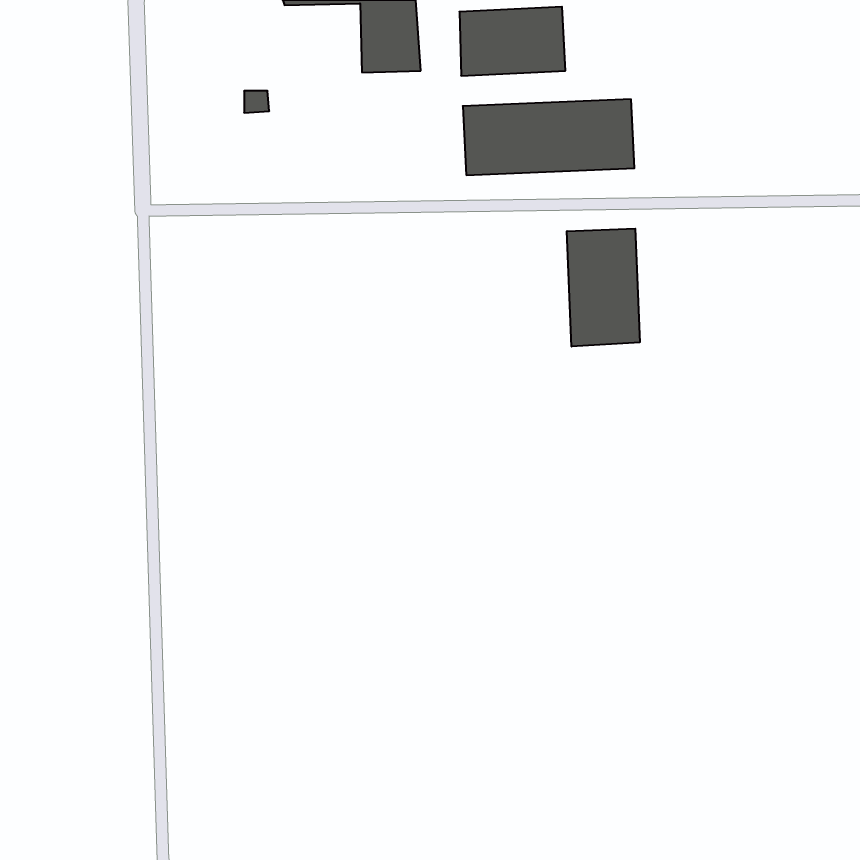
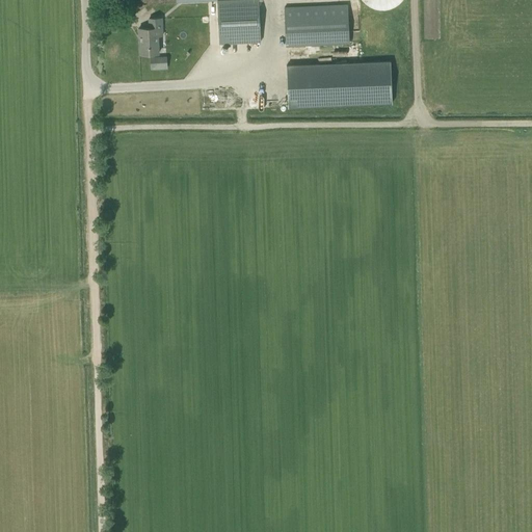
building: none -> [138,17,164,54]
building: [567,229,640,347] -> none

